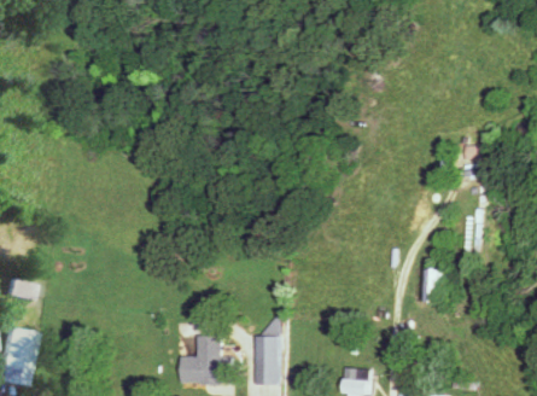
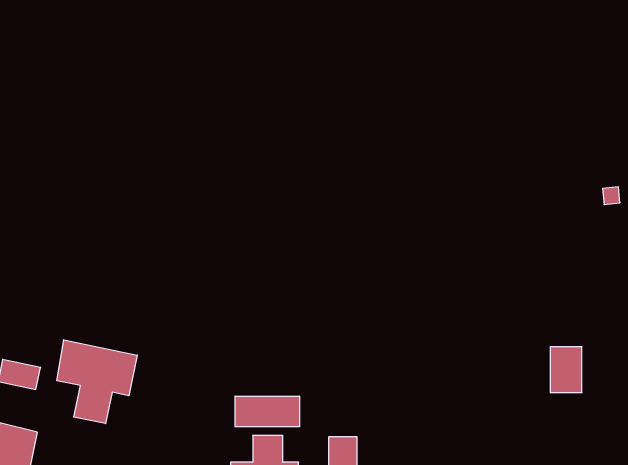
building: none -> [57,340,137,424]
building: none -> [235,396,299,427]

